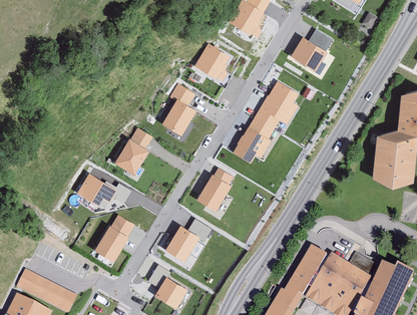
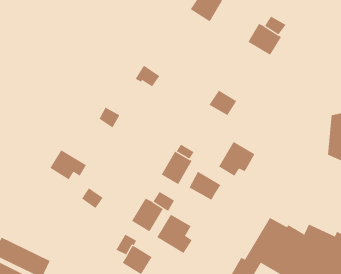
building: [192,42,230,79] -> none
building: [258,80,298,124] -> none
building: [160,98,194,135] -> none
building: [231,124,271,163] -> [218,141,255,177]
building: [112,138,147,176] -> none
building: none -> [189,171,221,201]
building: [92,225,127,262] -> none
building: none -> [157,214,192,254]

